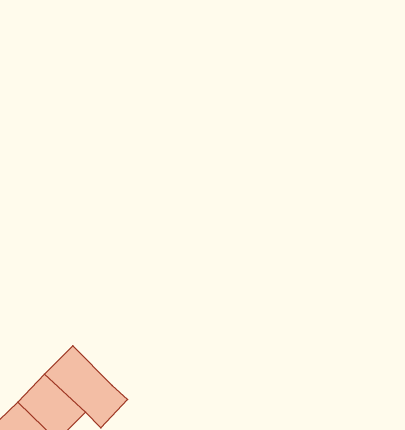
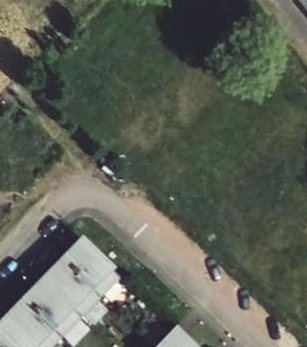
building: none -> [62,241,111,290]

